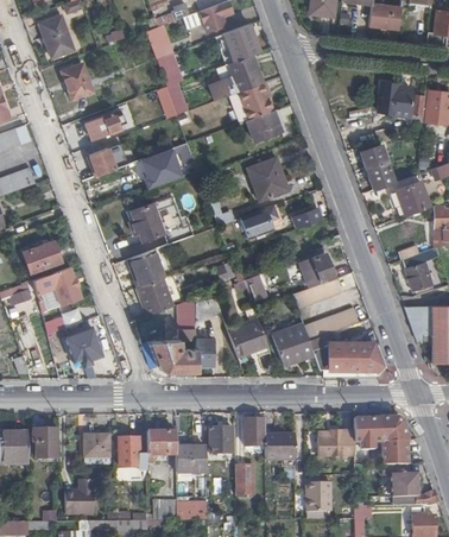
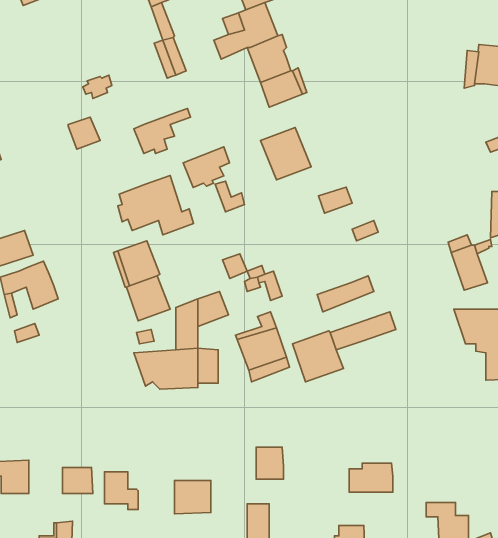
building: [63,63,93,97] -> none
building: [378,81,413,115] -> none
building: [358,144,393,188] -> none
building: [392,181,430,216] -> none
building: [241,204,279,238] -> [183,147,230,188]
building: [303,252,335,284] -> none
building: [67,327,102,359] -> none
building: [309,331,381,368] -> none
building: [354,417,407,463] -> none
building: [210,427,234,451] -> none
building: [146,430,177,454] -> none
building: [266,434,295,459] -> none

